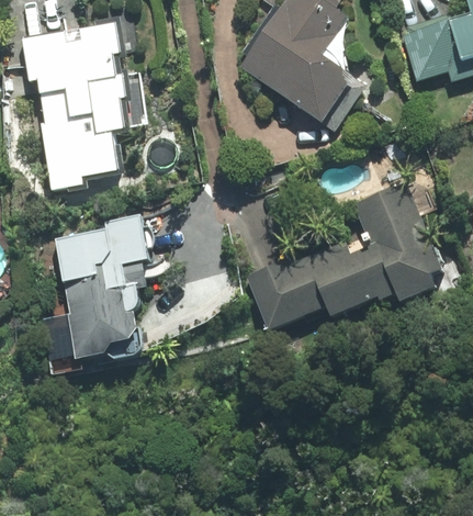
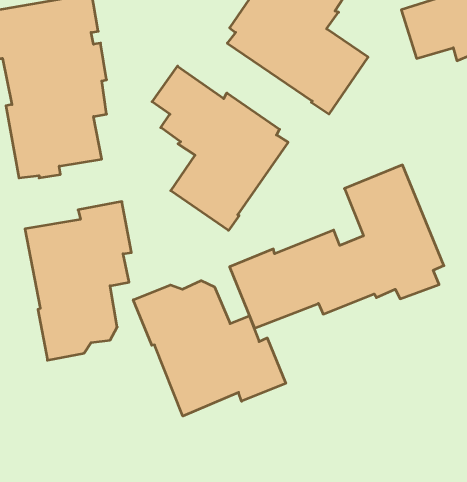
building: none -> [152,66,288,230]
building: none -> [133,281,286,416]

